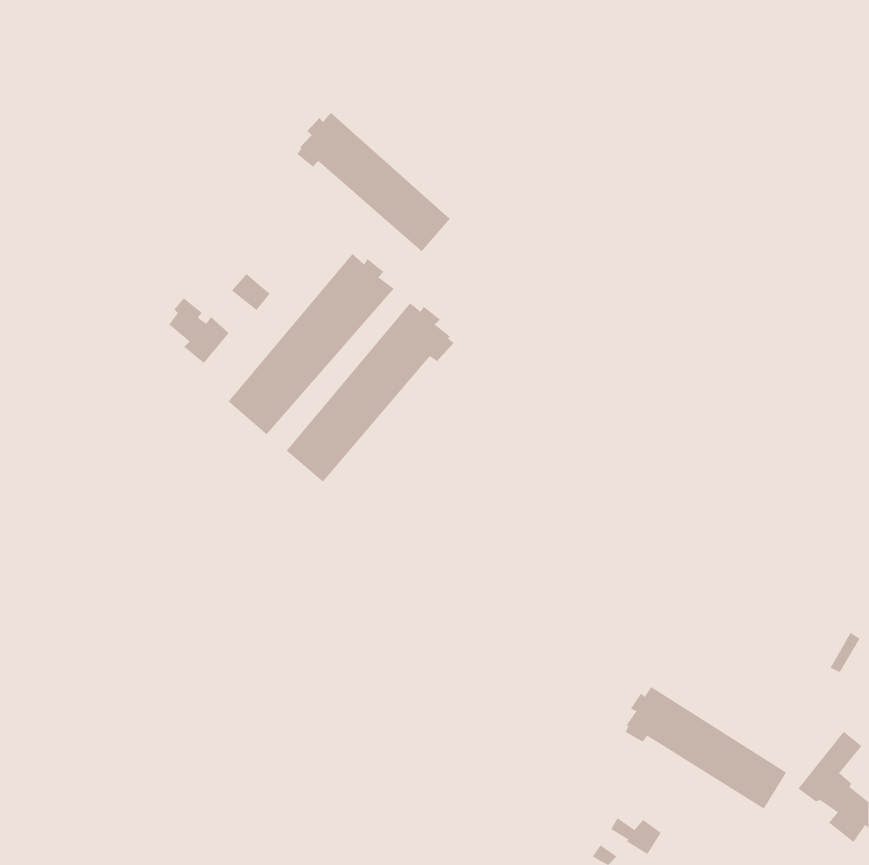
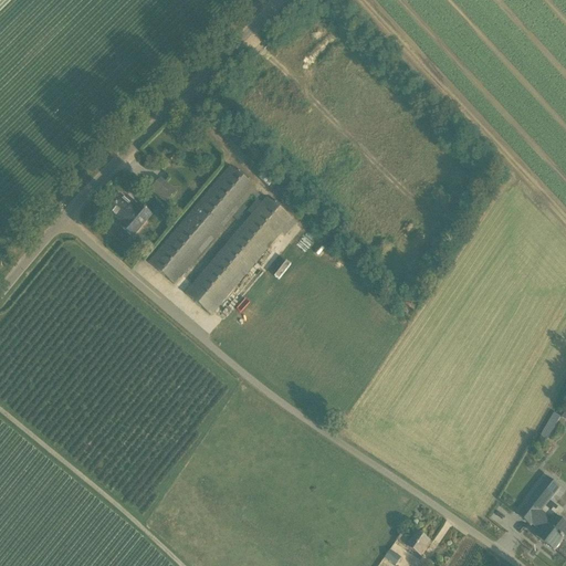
building: [297,112,450,252] -> none
building: [625,686,787,809] -> none

